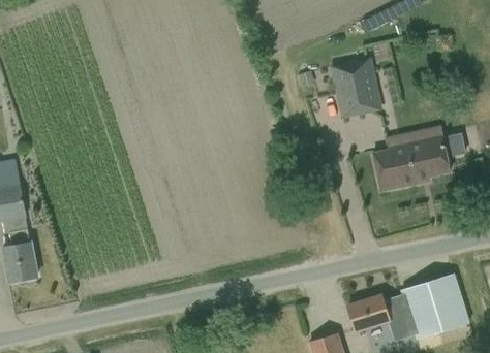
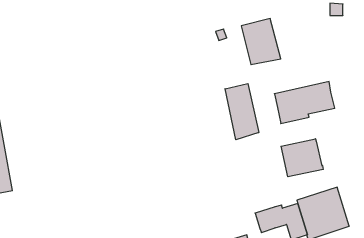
building: none -> [225,84,259,140]
building: none -> [281,139,323,177]

